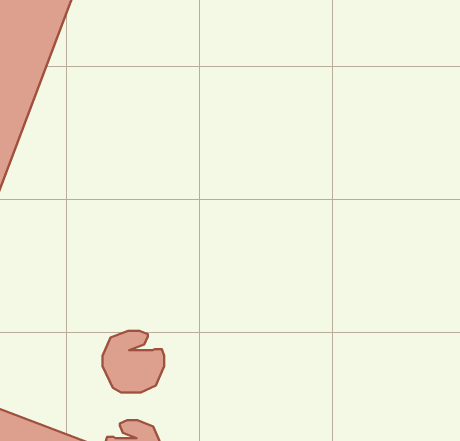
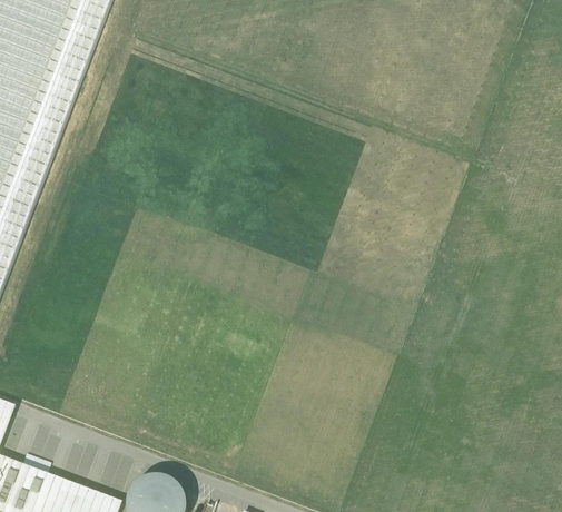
building: [102,331,164,392] -> none

